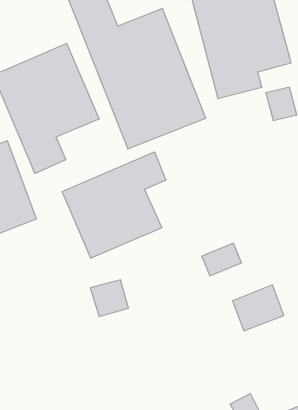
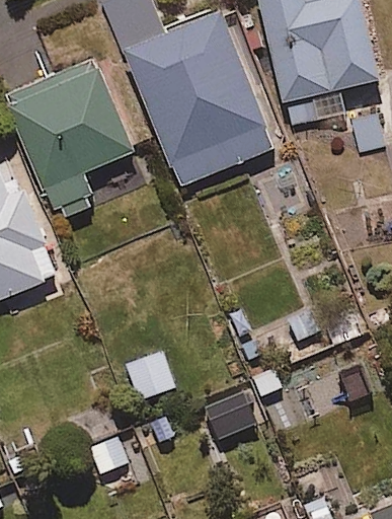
building: [62,152,166,258] -> none

